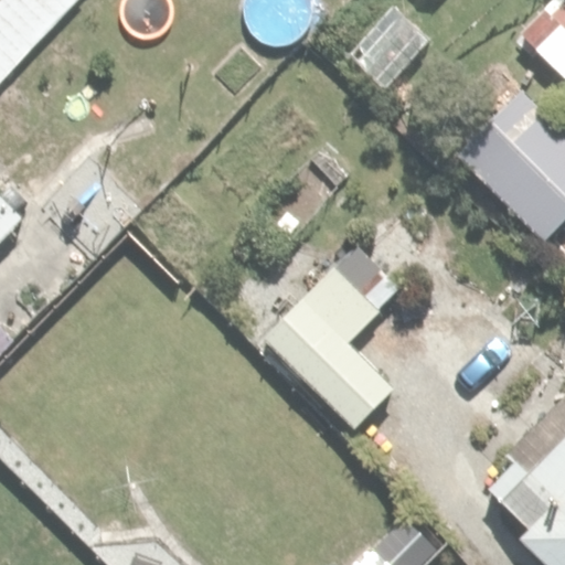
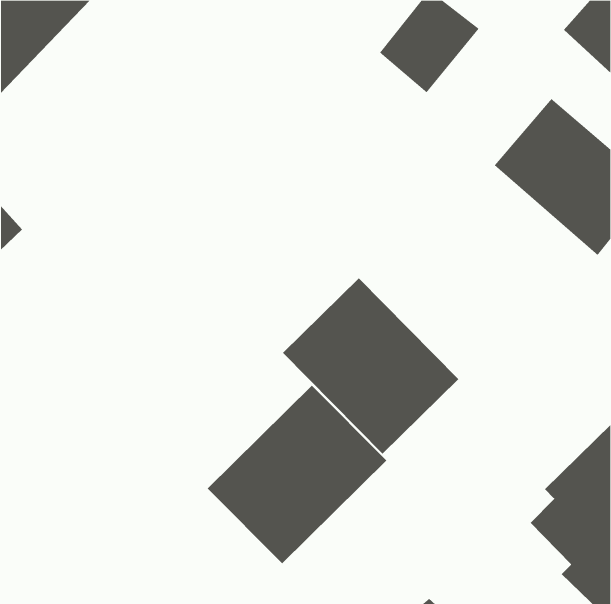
building: none -> [207,385,387,564]

